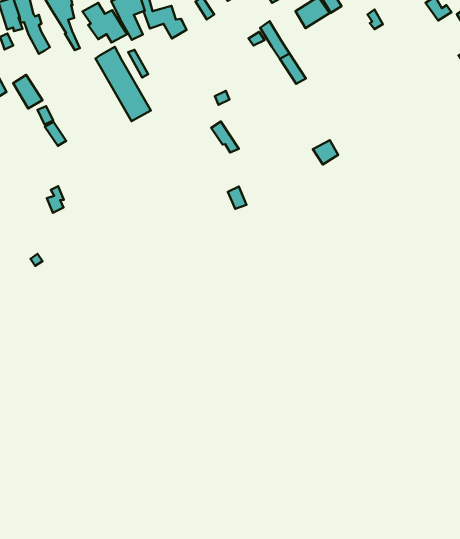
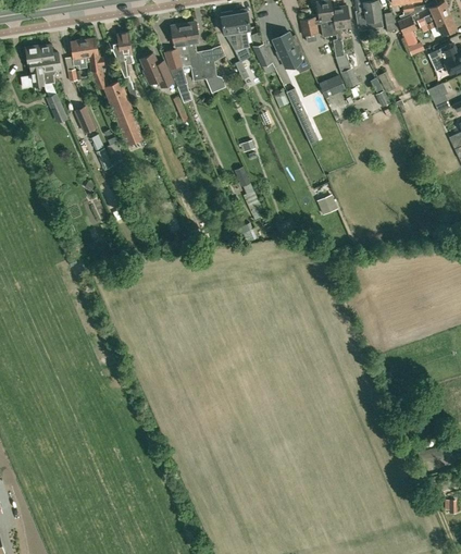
building: [96,47,151,121] -> [103,79,144,144]

